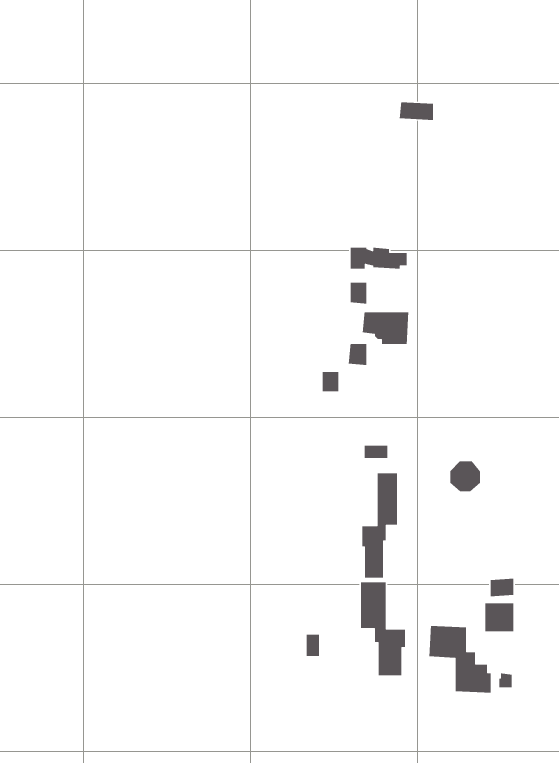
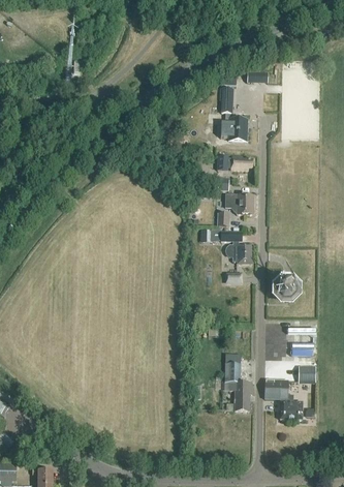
building: none -> [220,87,248,140]
building: none -> [221,231,253,263]
building: [362,472,398,579] -> none

